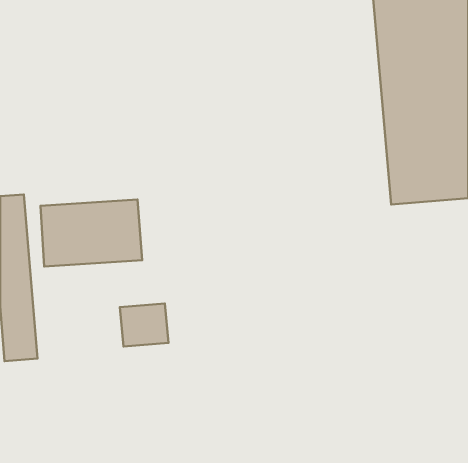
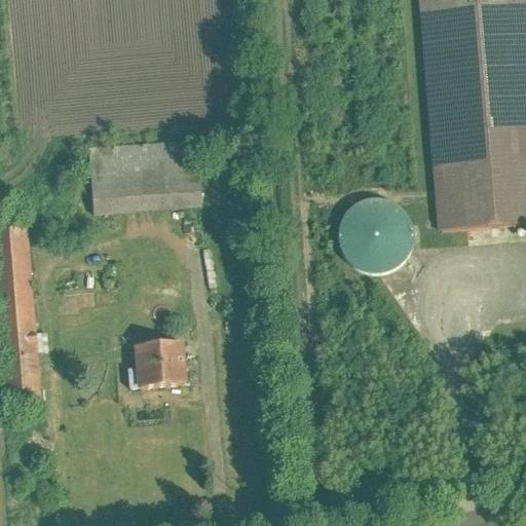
building: none -> [338,196,414,272]
building: [40,200,142,266] -> [89,138,203,213]

